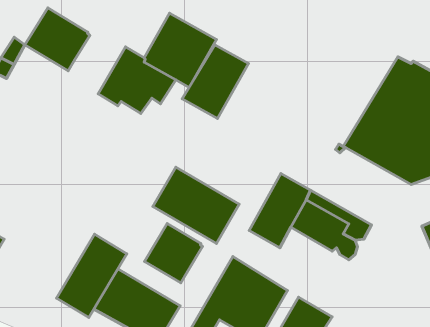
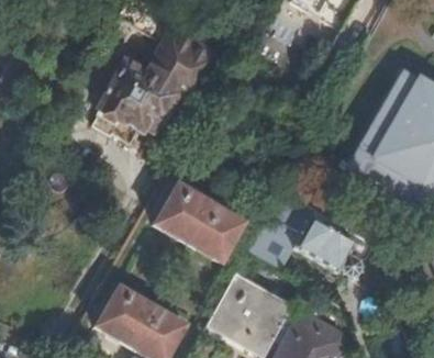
building: [25,8,90,71] -> none
building: [182,45,248,119] -> none
building: [144,224,203,283] -> none
building: [56,234,127,317] -> none

